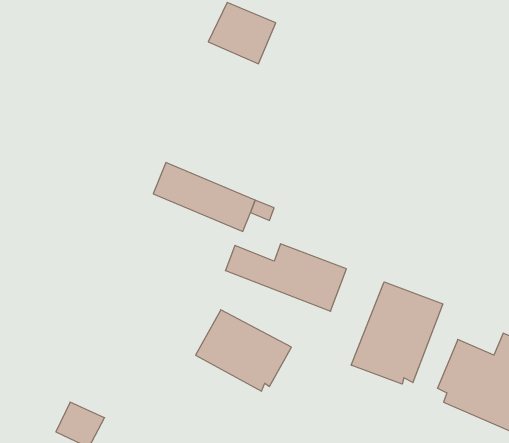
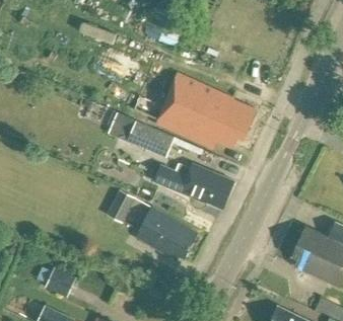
building: none -> [156,74,256,149]
building: none -> [107,189,135,223]
building: [351,282,443,384] -> none

